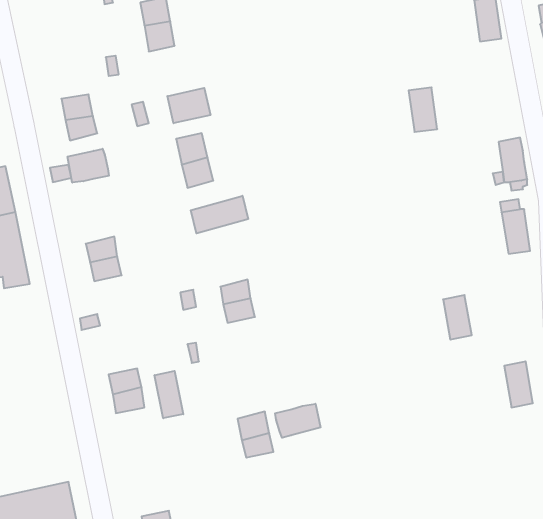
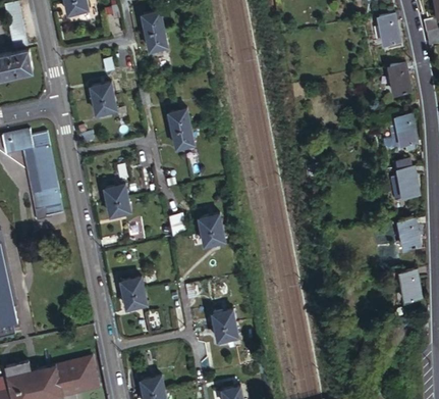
building: [409,87,437,132] -> [391,63,411,95]
building: [167,88,210,123] -> none
building: [68,149,109,183] -> none
building: [191,196,248,233] -> none
building: [443,295,472,340] -> [399,220,420,252]
building: [155,371,183,418] -> none
building: [275,404,321,438] -> none

